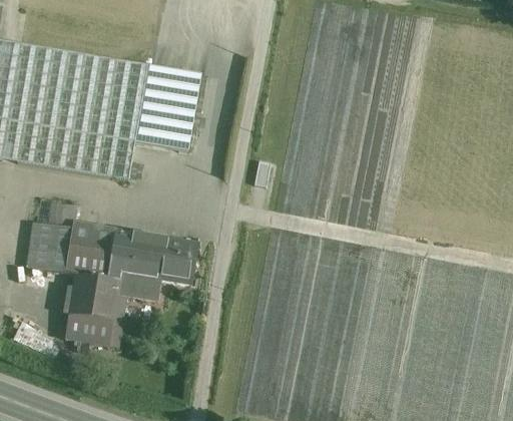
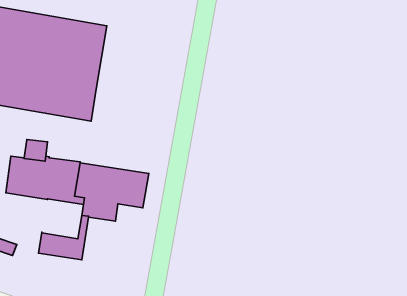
building: [133,65,199,150] -> none
building: [68,273,118,321] -> none

